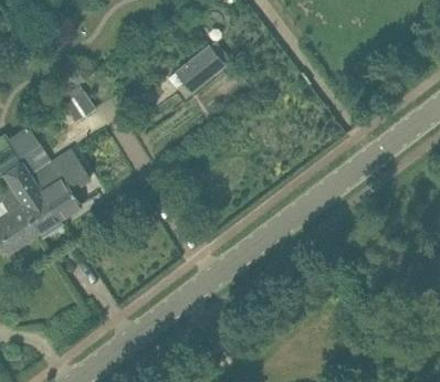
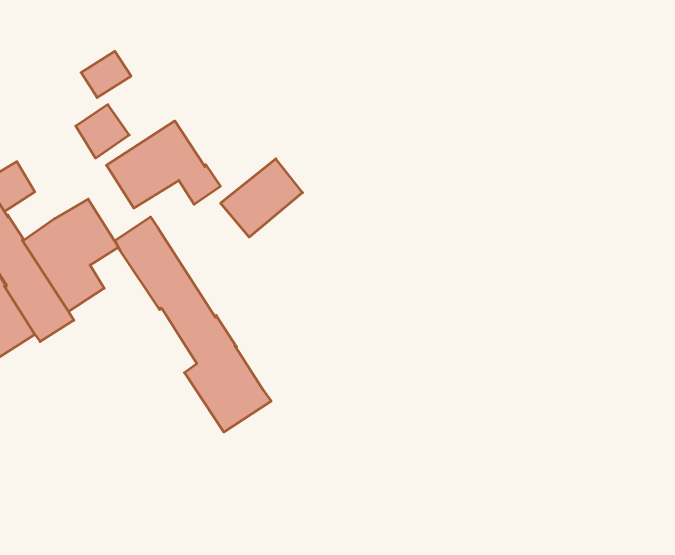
building: [174,43,224,92] -> [221,159,303,237]
building: none -> [106,121,220,208]
building: none -> [115,217,271,432]

